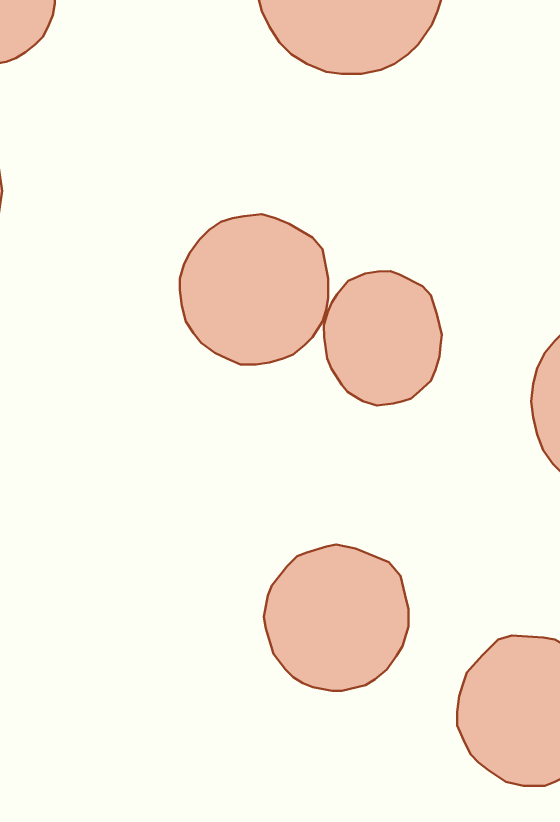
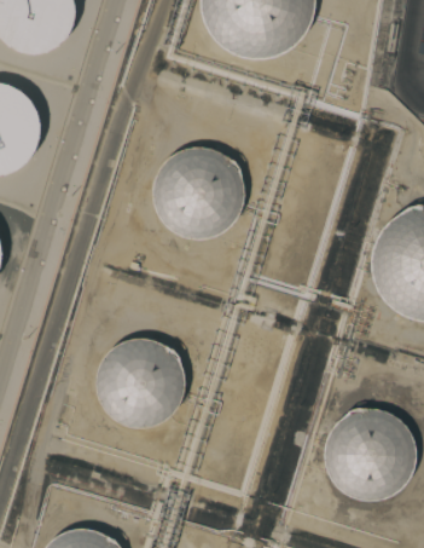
building: [324,271,442,405] -> none
building: [264,545,408,691] -> [95,338,185,428]

